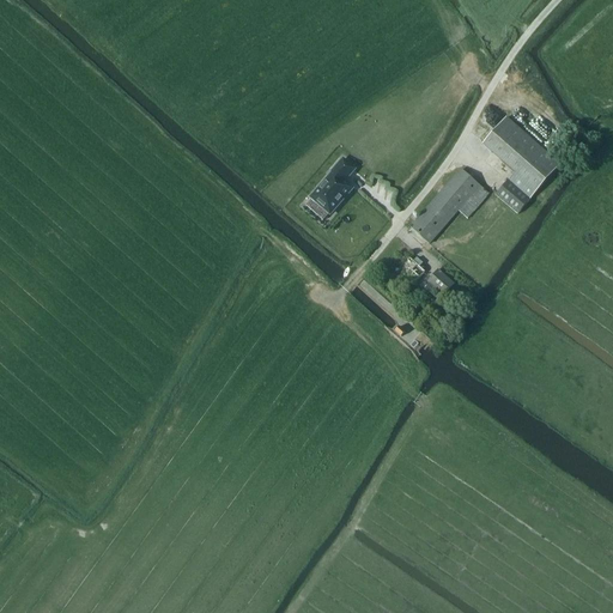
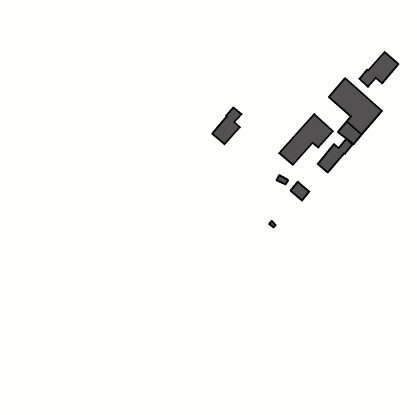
building: none -> [359,52,398,87]
building: none -> [318,139,353,172]

